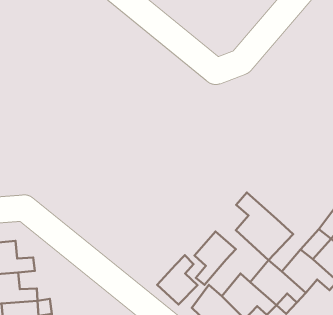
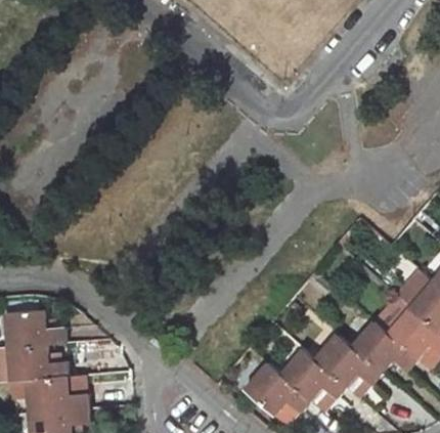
building: [236,192,293,260] -> none
building: [195,231,236,285] -> none
building: [157,255,197,305] -> none

